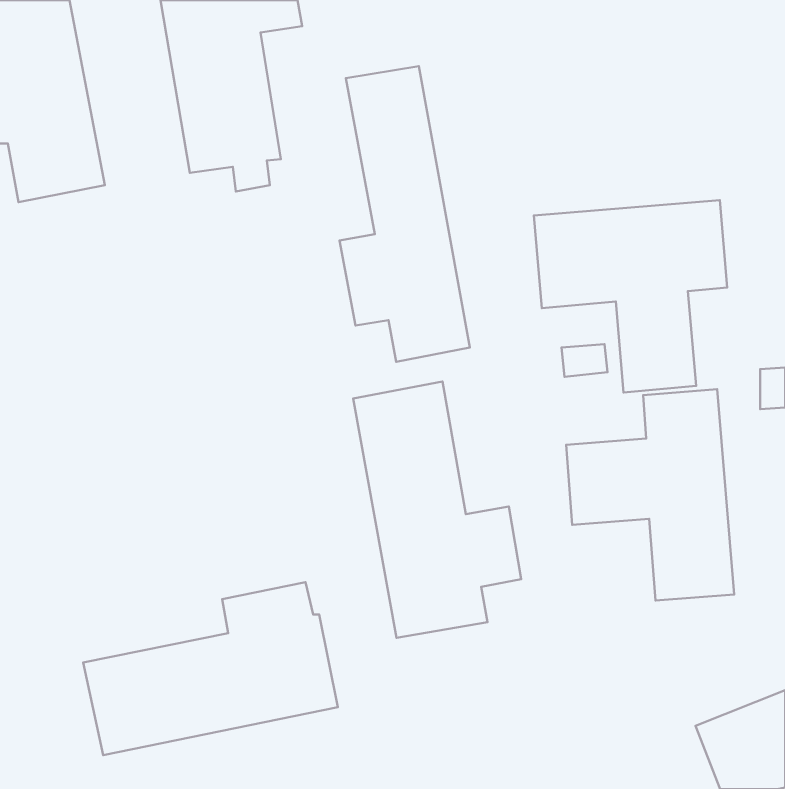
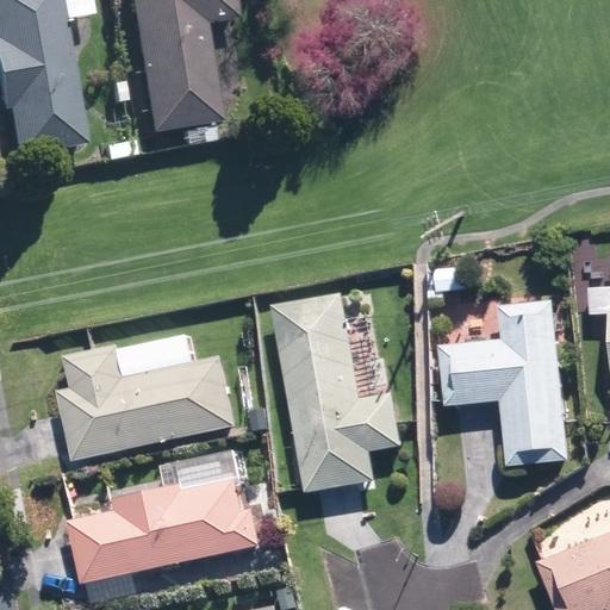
building: [340,66,470,362] -> none
building: [534,200,727,392] -> none
building: none -> [57,334,235,461]

